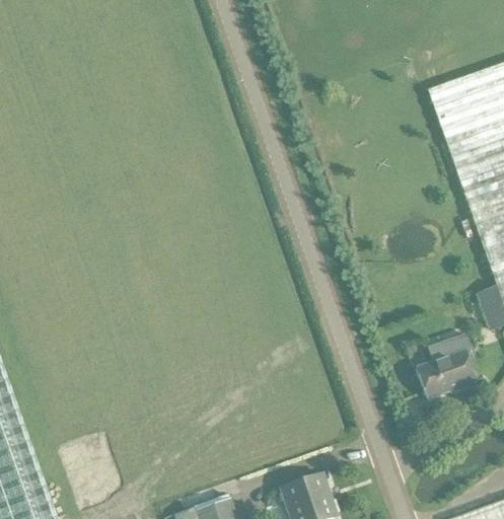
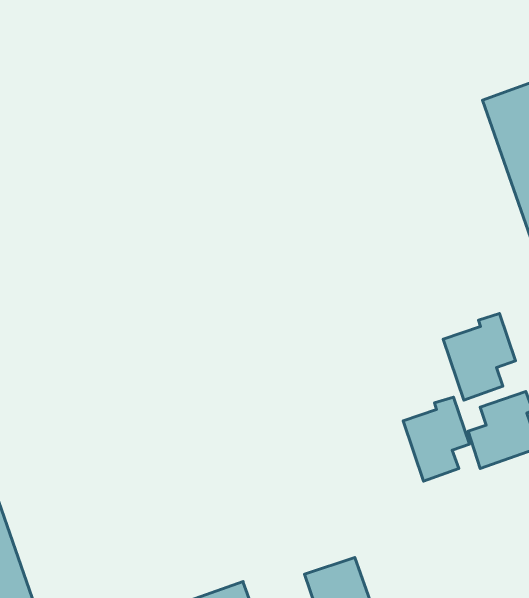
building: none -> [443,314,516,400]
building: none -> [403,397,469,481]

